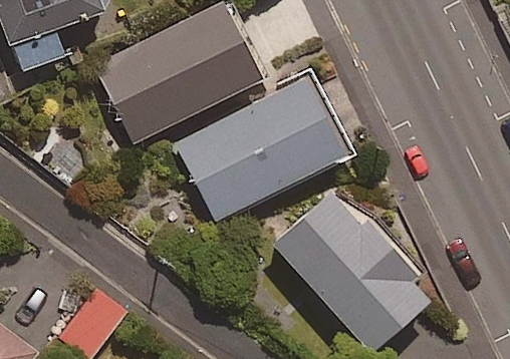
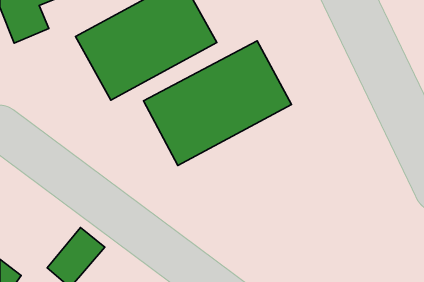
building: [271,190,430,349] -> none

